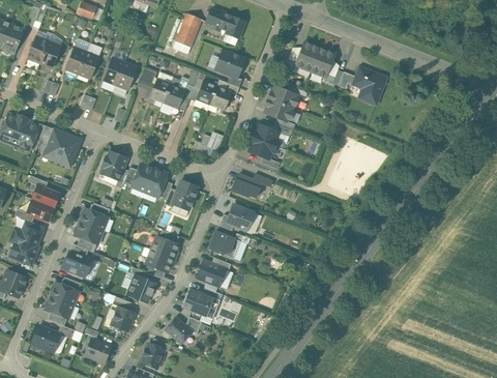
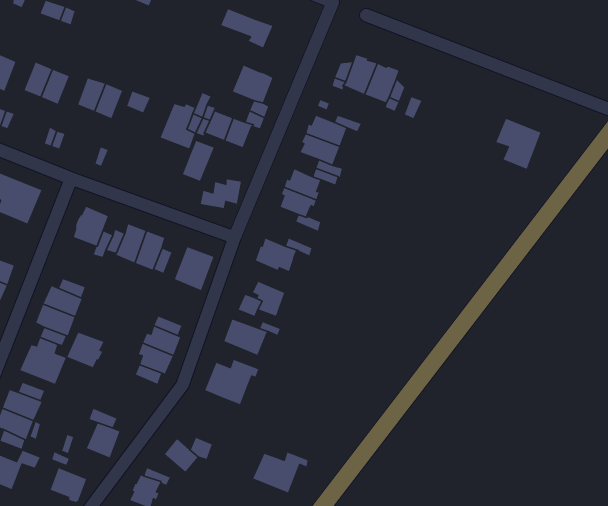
building: [175,12,201,47] -> none
building: [352,66,385,104] -> [495,118,542,170]
building: [149,70,173,101] -> [182,139,215,182]
building: [127,274,154,301] -> [67,331,105,369]
building: [182,288,223,318] -> [252,451,309,493]

